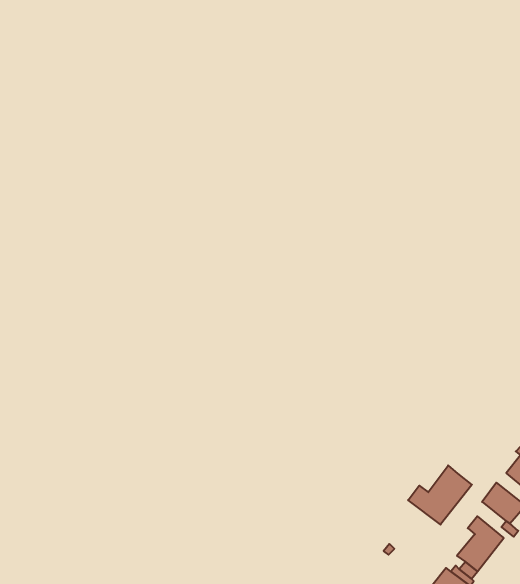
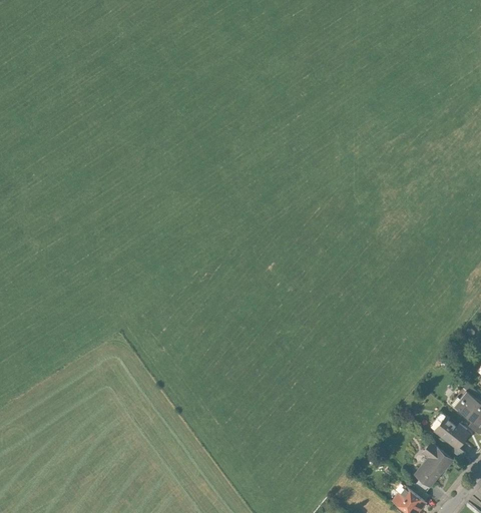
building: [408,465,472,525] -> none

